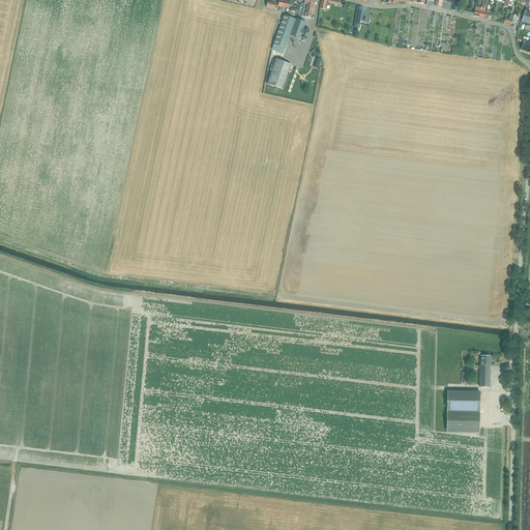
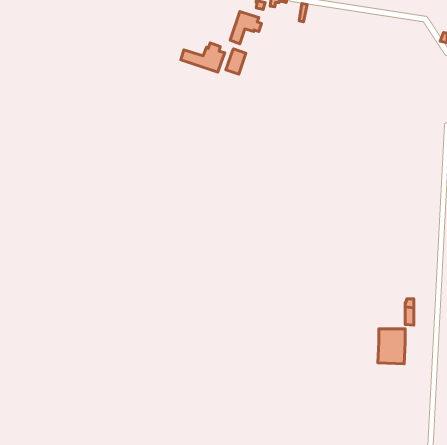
building: none -> [181,43,225,72]

